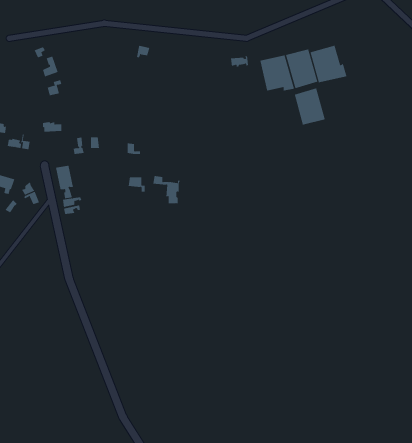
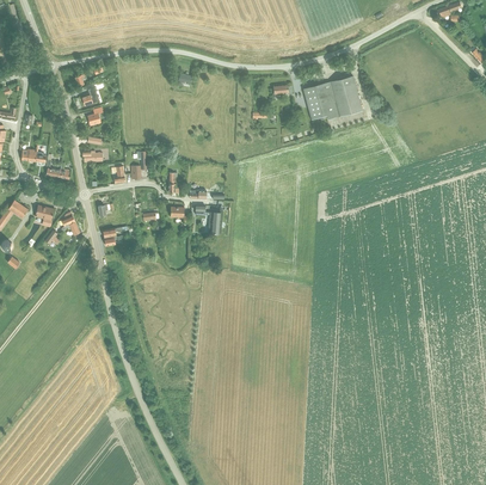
building: [310,45,347,83] -> none
building: [294,88,325,126] -> none

